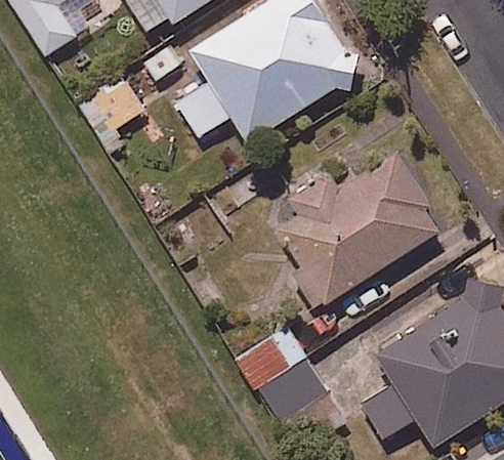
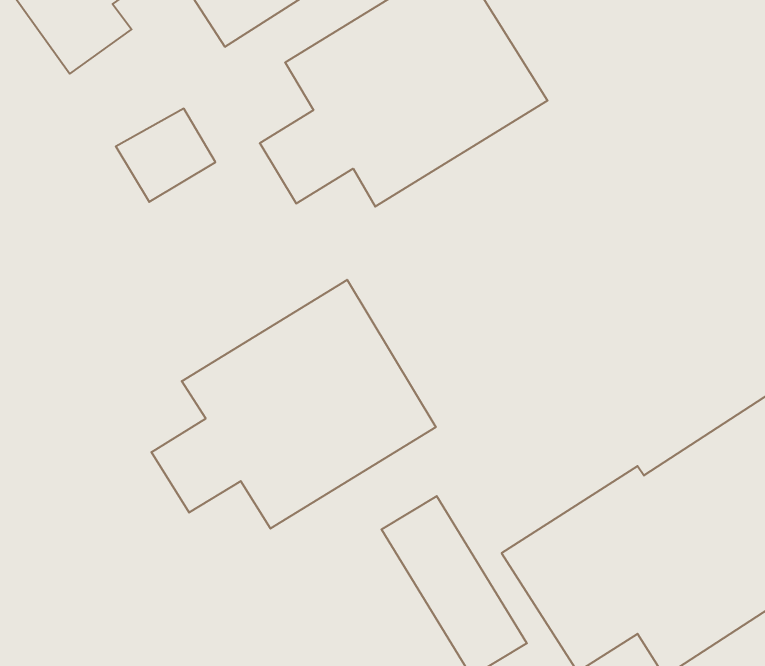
building: [259,154,444,308] -> none
building: none -> [151,280,436,529]

